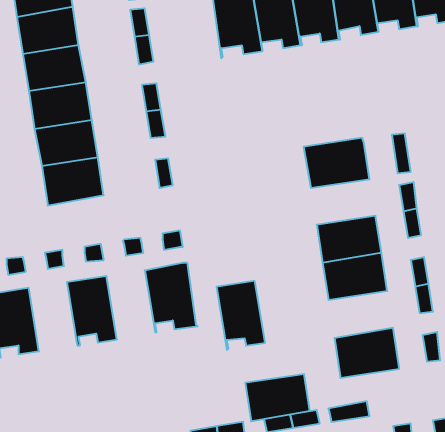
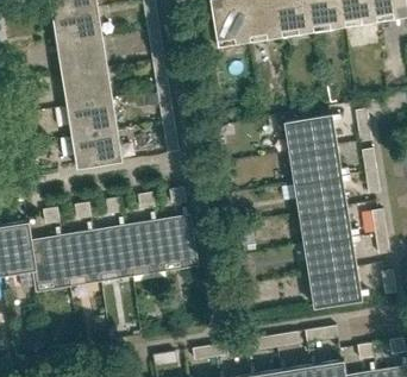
building: none -> [289,146,342,183]
building: [217,281,265,350] -> [124,220,163,276]
building: none -> [61,230,100,285]
building: [245,374,310,421] -> [303,237,356,275]

